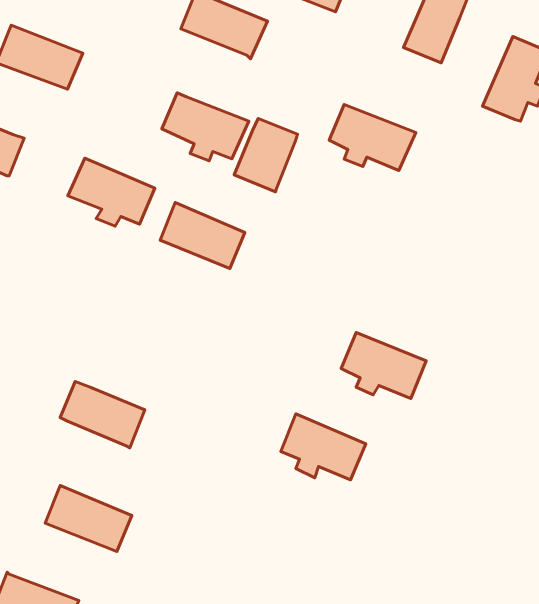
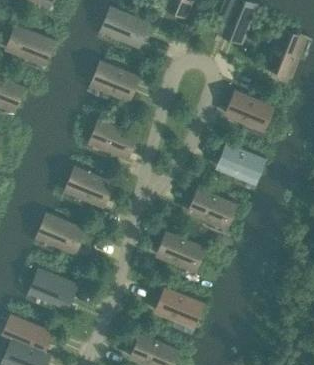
building: [329,104,416,170] -> [226,91,272,126]
building: [234,119,298,192] -> none
building: [68,158,155,226] -> [68,168,114,204]
building: none -> [217,144,263,179]
building: none -> [155,288,201,323]

